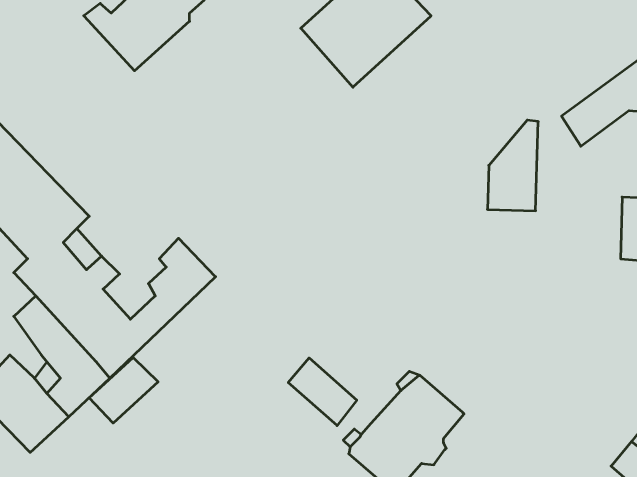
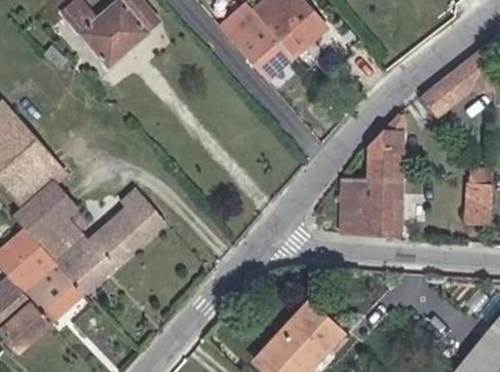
building: none -> [346,171,402,230]
building: [89,357,158,423] -> none
building: [288,358,357,426] -> none

